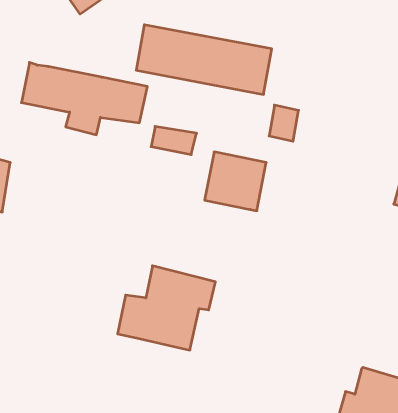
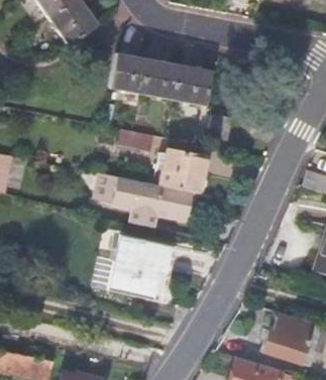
building: [21,62,147,135] -> [101,174,196,229]

